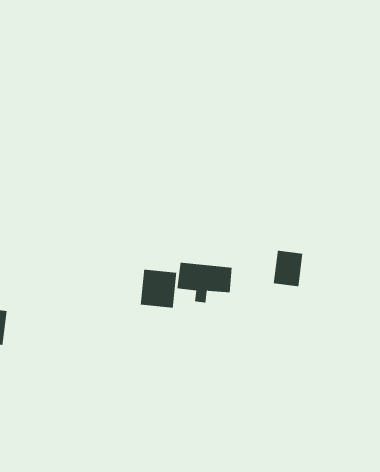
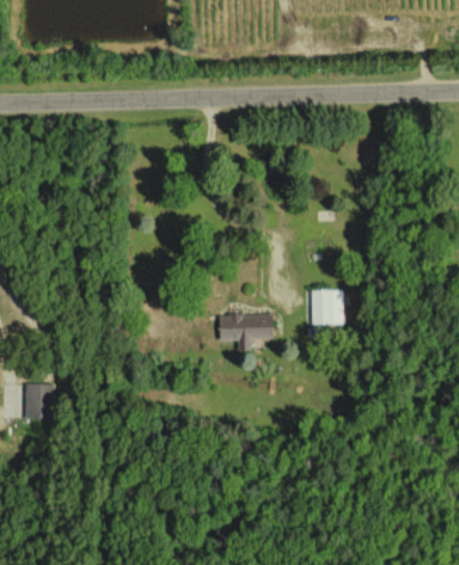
building: [140,269,177,308] -> none

